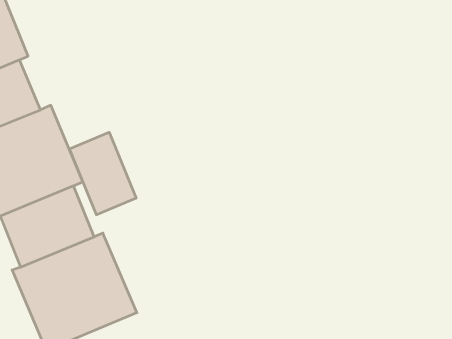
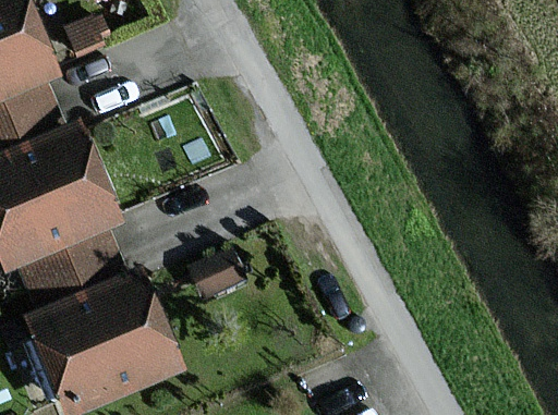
building: [69,132,136,215] -> none

